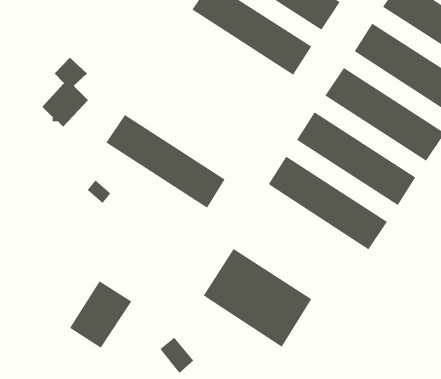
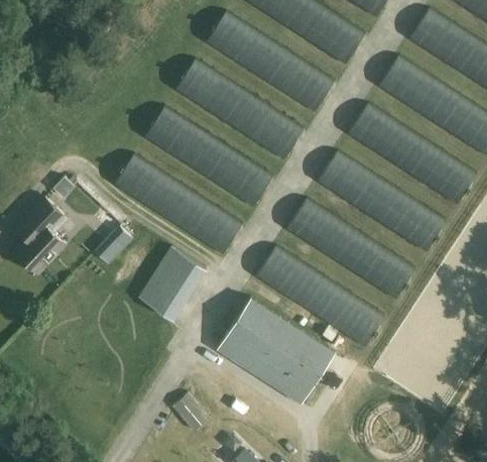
building: none -> [175,59,303,159]
building: [42,57,89,127] -> [15,197,66,272]
building: none -> [145,106,273,207]
building: none -> [256,245,385,346]
building: [69,281,132,349] -> [139,246,207,319]

